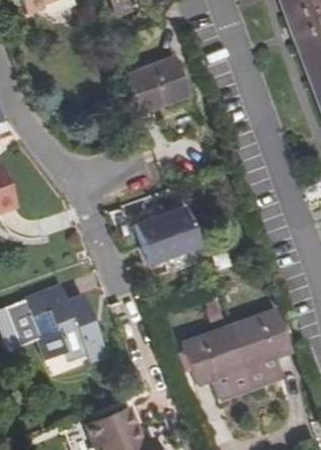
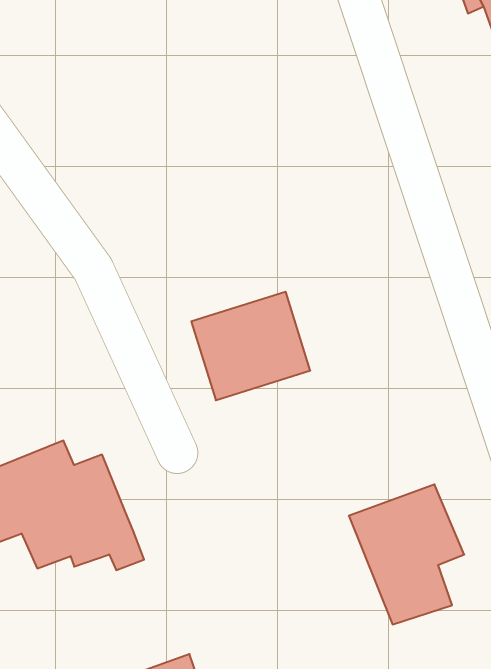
building: [127,56,187,112] -> none
building: [180,329,250,401] -> none

